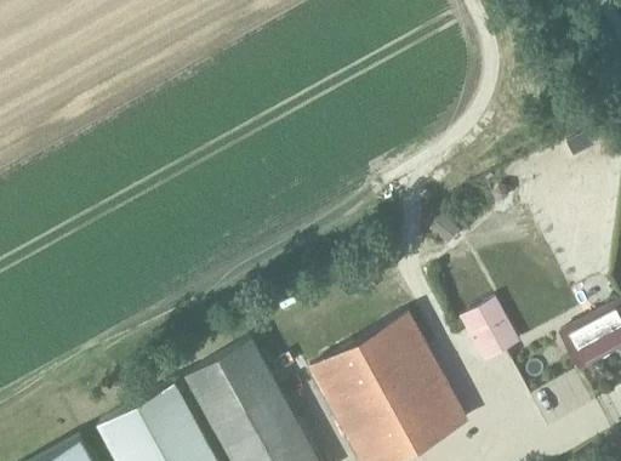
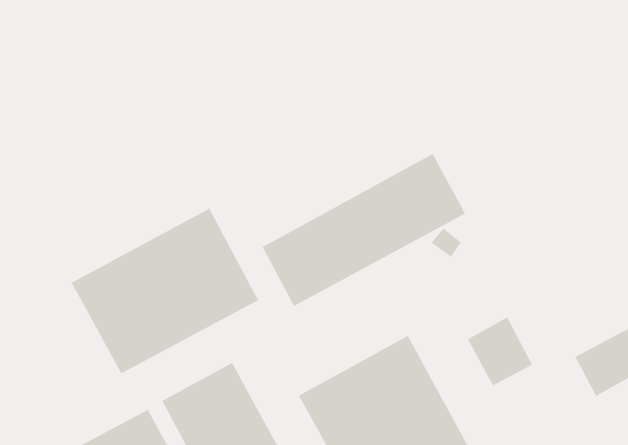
building: none -> [262,153,466,307]
building: none -> [71,208,259,374]

